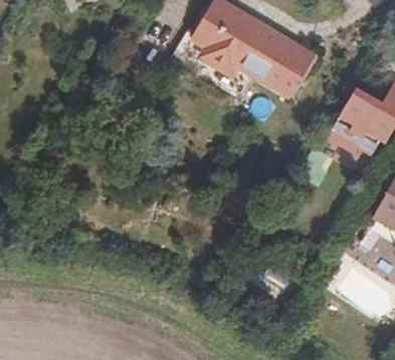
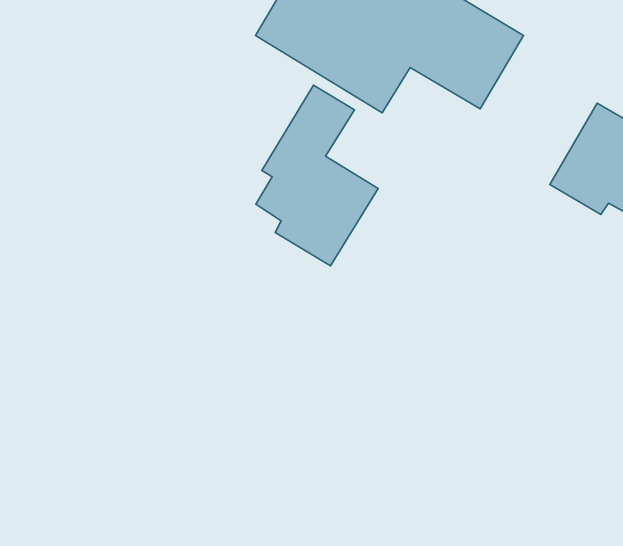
building: none -> [256,85,378,266]

